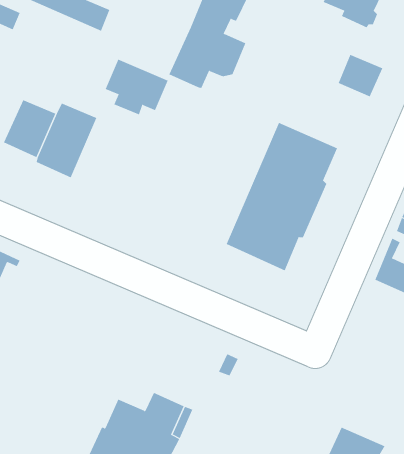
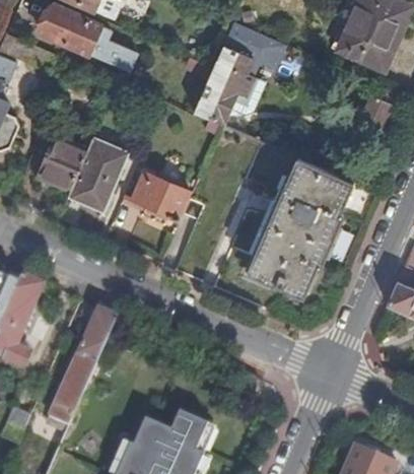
building: [105,59,169,115] -> [130,173,190,225]
building: none -> [42,307,117,458]

